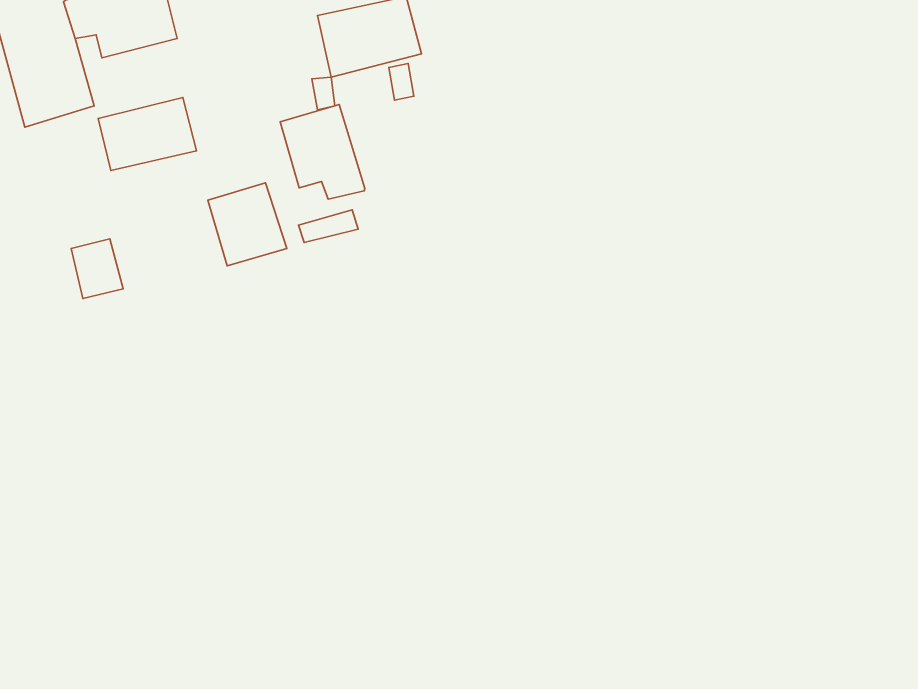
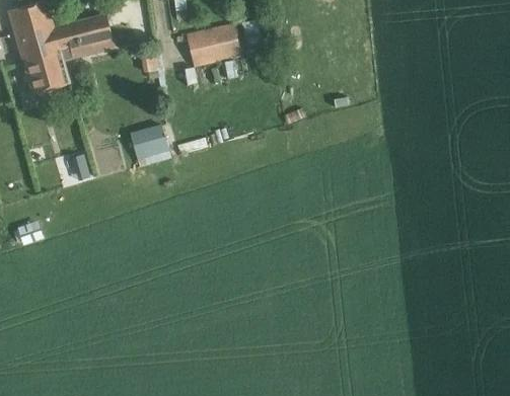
building: [98,97,197,171] -> none
building: [280,105,365,199] -> none

